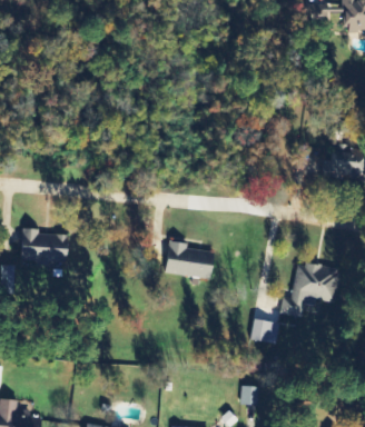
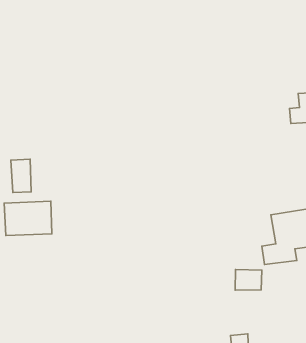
building: none -> [11,159,31,193]
building: [165,240,216,279] -> none

